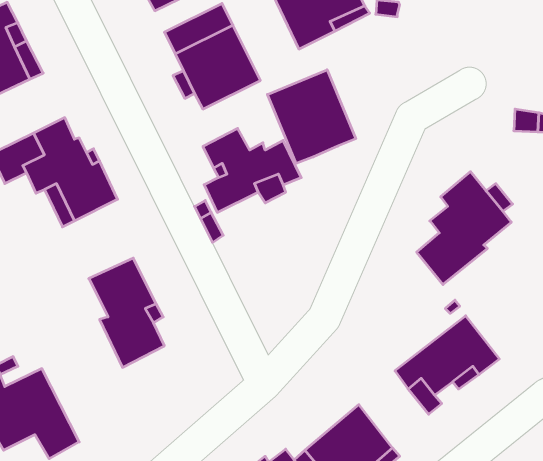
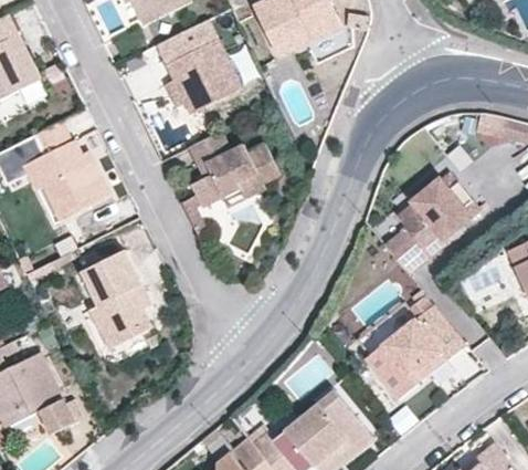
building: [267,70,356,163] -> none

